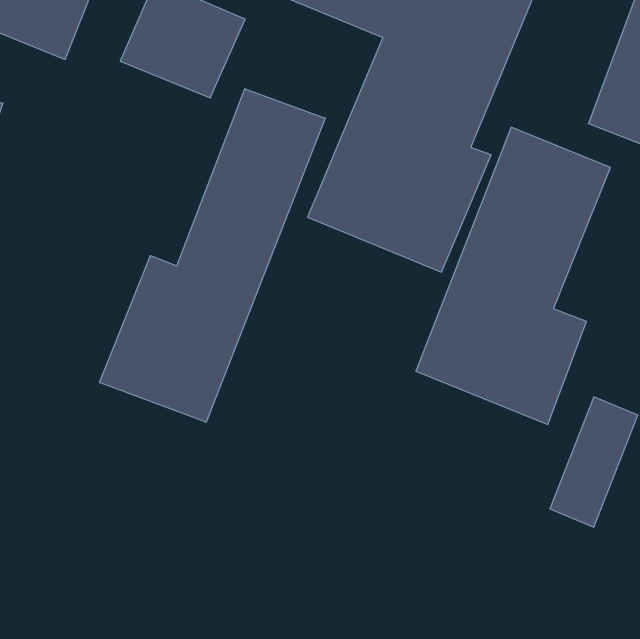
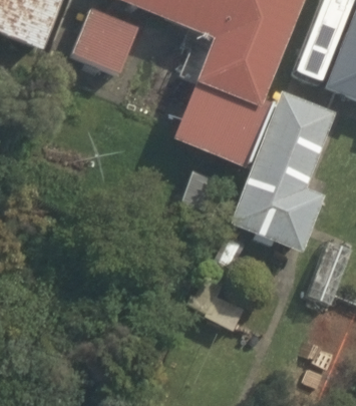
building: [100,89,325,422] -> none

